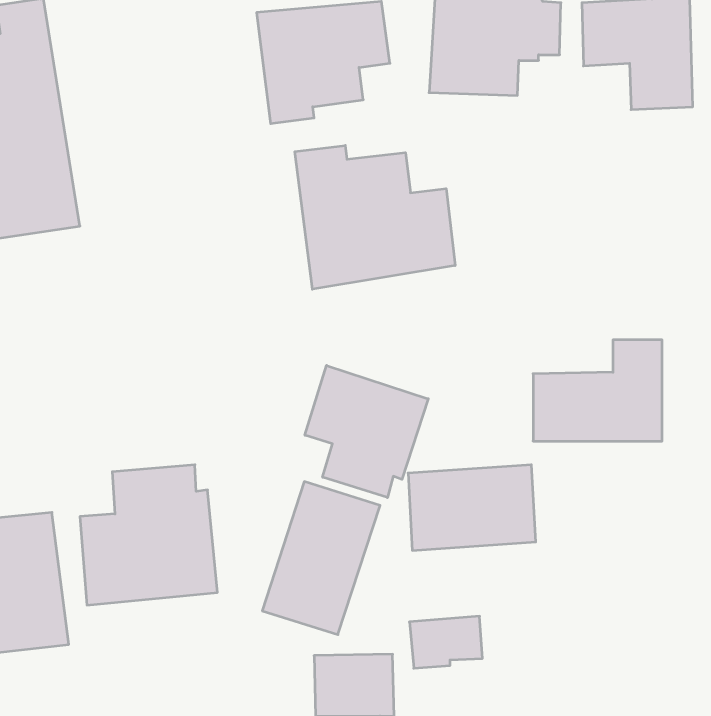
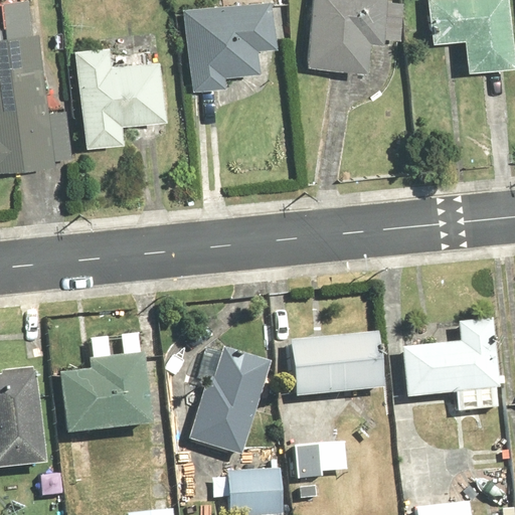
building: none -> [74,44,169,146]
building: [295,145,455,289] -> none
building: [533,340,662,441] -> [394,327,487,399]
building: [305,365,428,498] -> none

